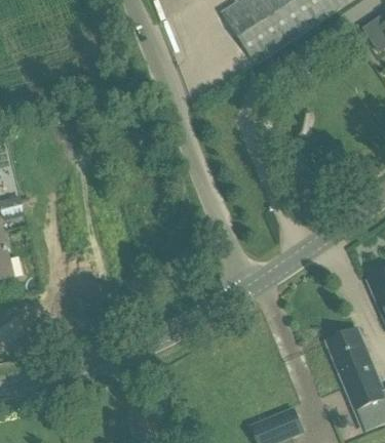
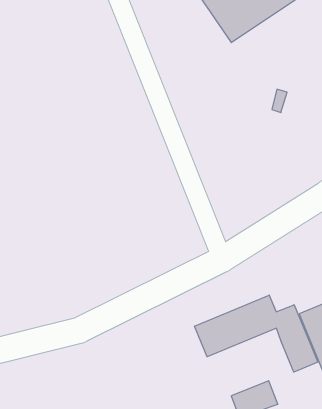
building: none -> [195,295,318,372]

